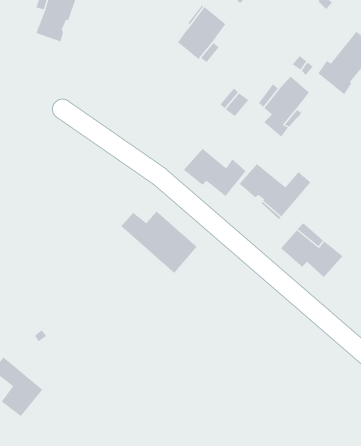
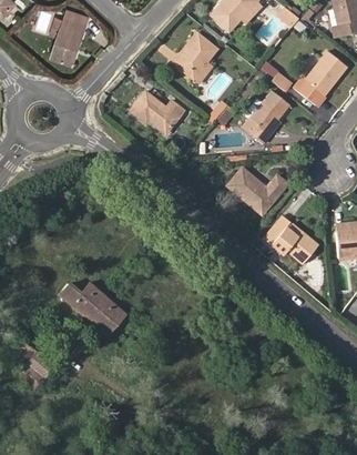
building: [183,148,246,197] -> [128,91,182,133]
building: [120,211,198,274] -> [62,279,129,333]

